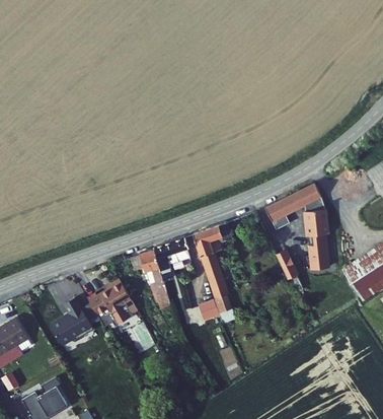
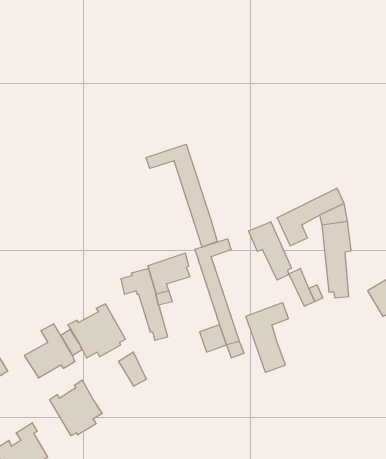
building: none -> [146,144,217,247]
building: none -> [249,222,291,280]
building: none -> [246,303,289,372]
building: none -> [50,380,102,436]

